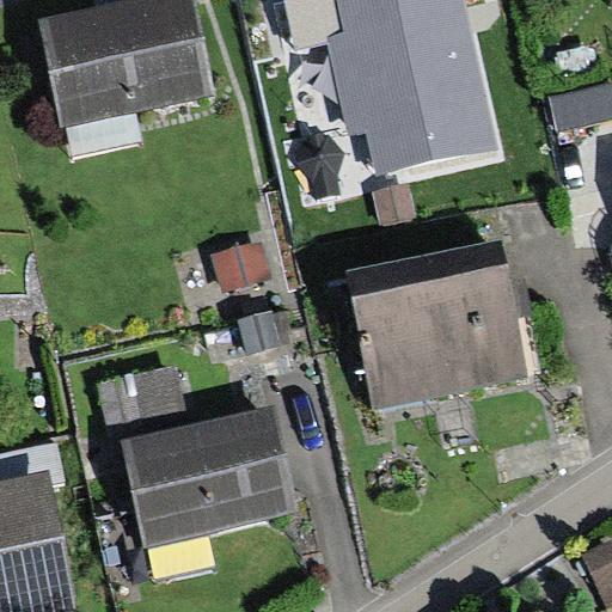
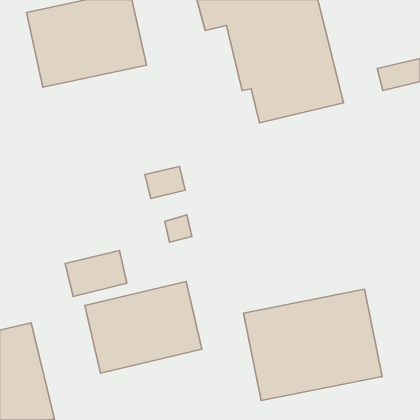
building: [343,237,528,414] -> none
building: none -> [243,289,382,401]

